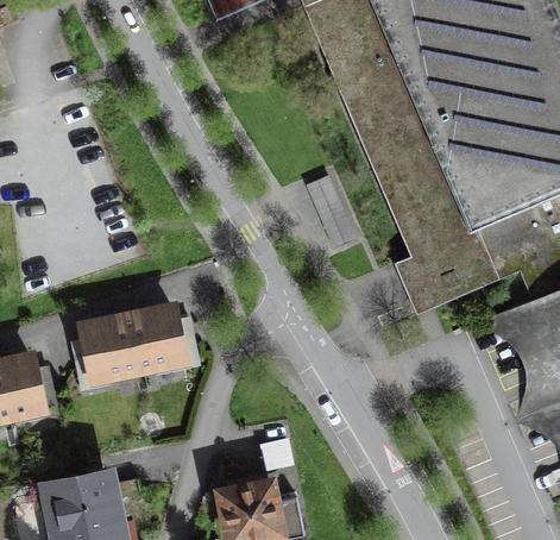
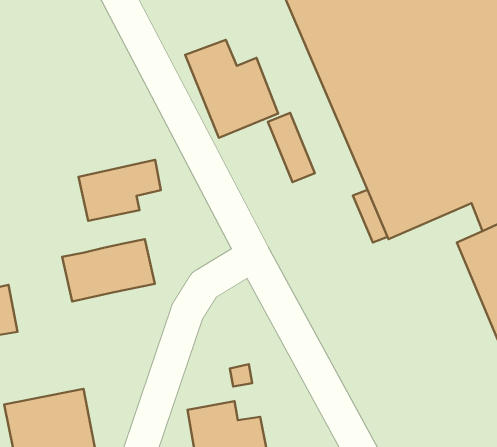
building: none -> [185,40,278,138]
building: none -> [79,160,161,221]

